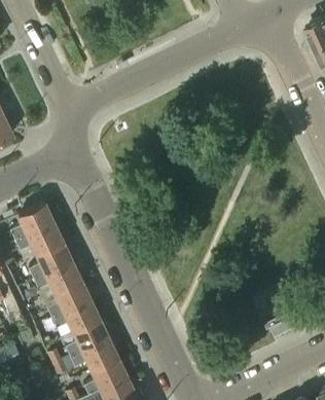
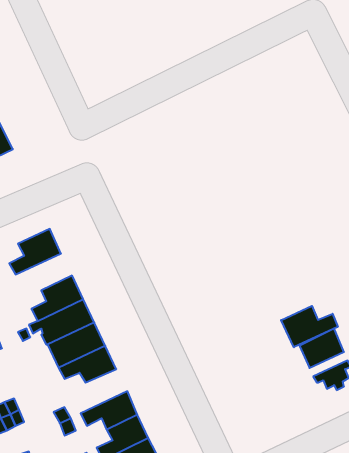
building: [16,224,64,262] -> none
building: none -> [281,306,338,347]
building: [66,321,110,358] -> none

